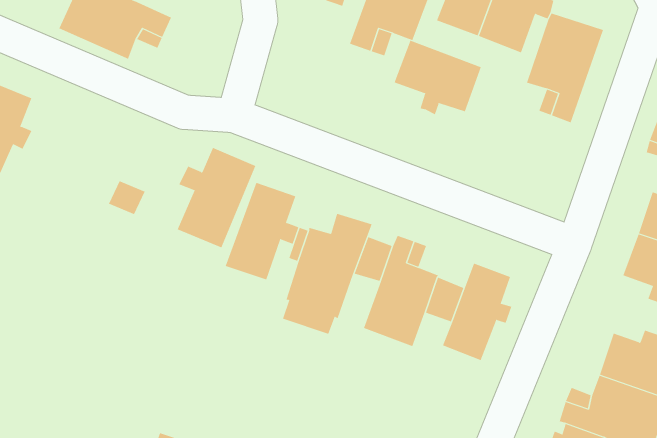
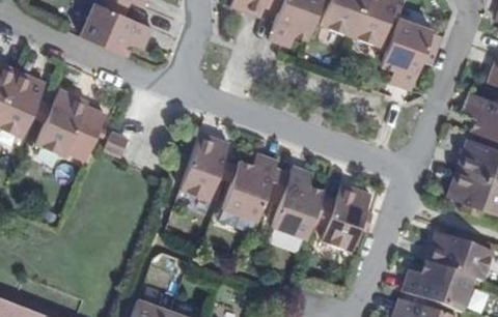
building: [394,40,481,115] -> none
building: [177,147,256,248] -> [44,86,96,153]

